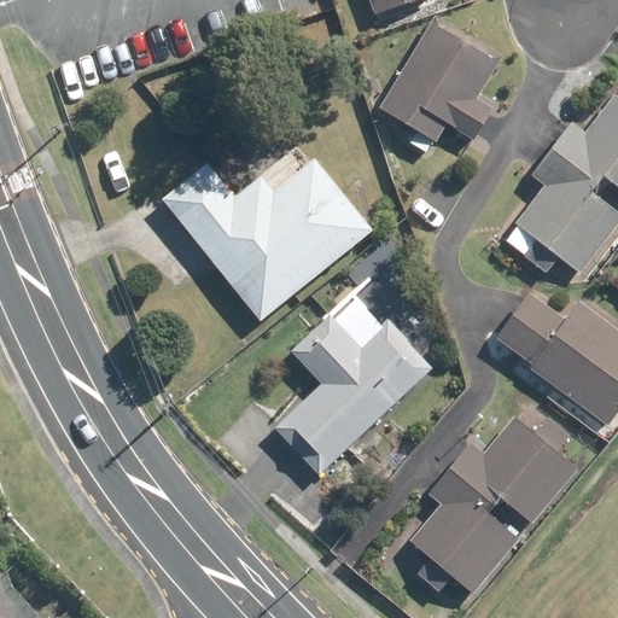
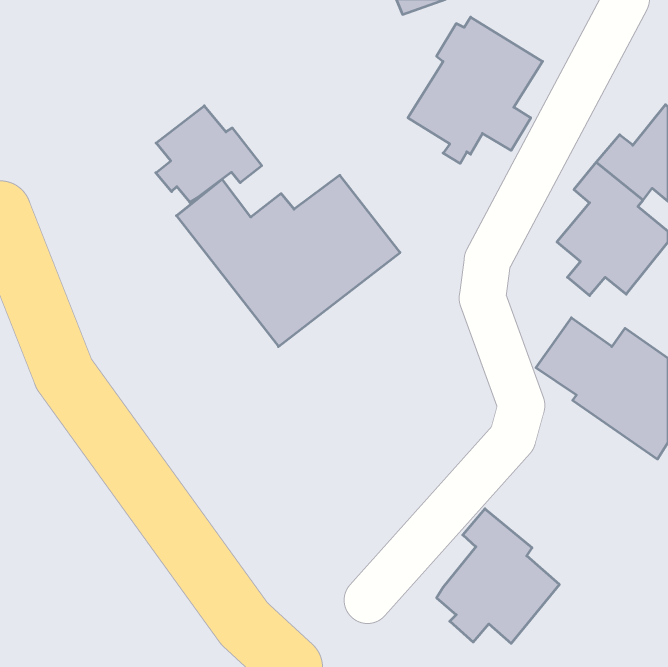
building: none -> [156,106,262,202]
building: [275,316,430,473] -> none
building: [448,418,577,523] -> none

